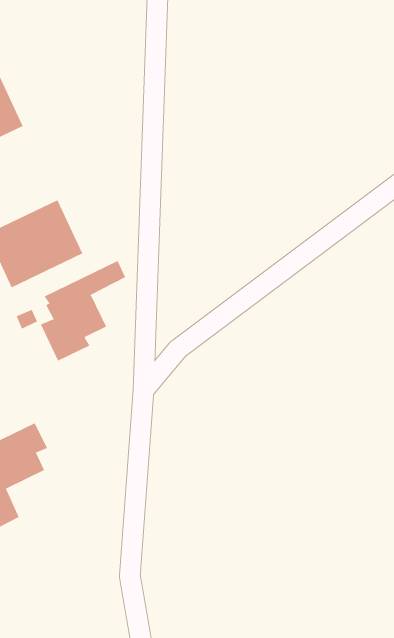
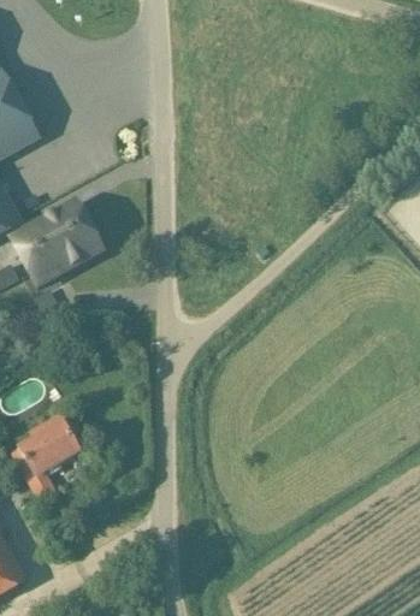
building: [40,260,126,361] -> none

